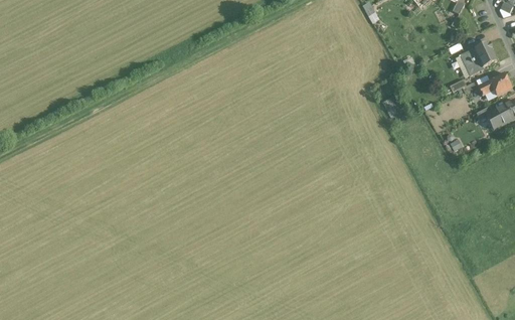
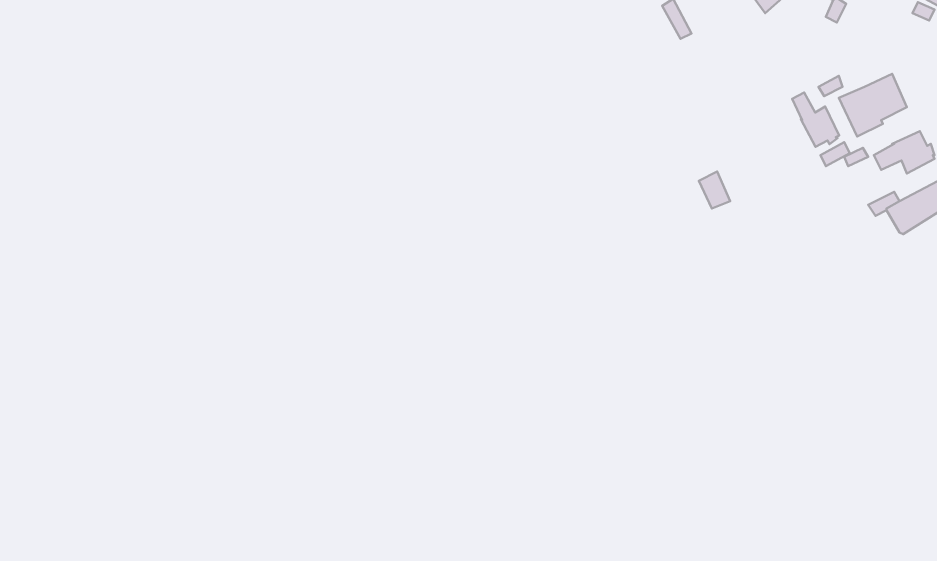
building: none -> [792,92,839,147]

